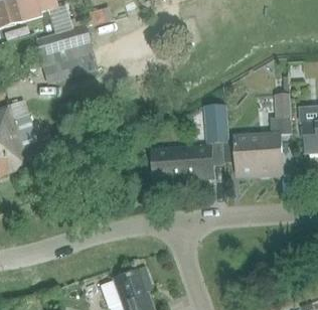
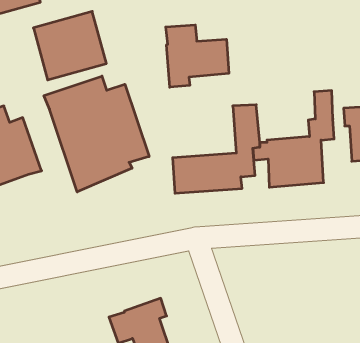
building: none -> [166,25,229,87]
building: none -> [44,76,149,192]

